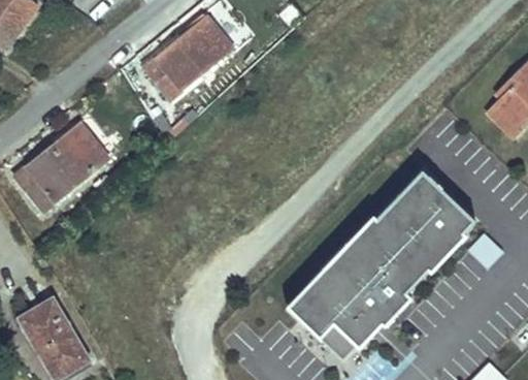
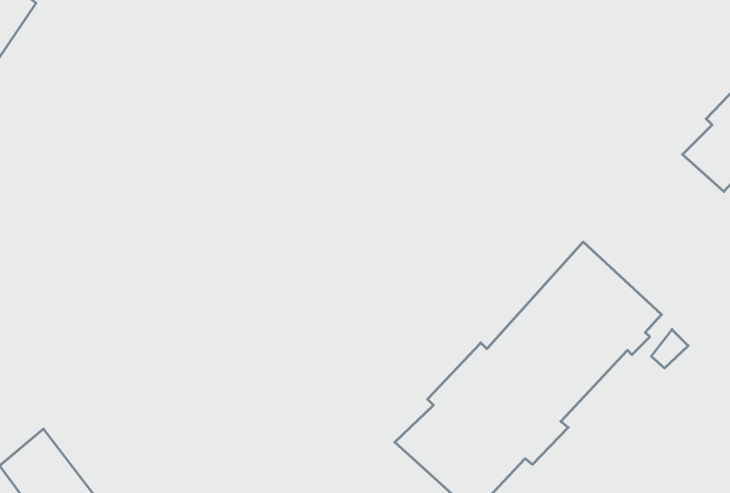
building: [141,20,234,101] -> none
building: [20,124,106,205] -> none

